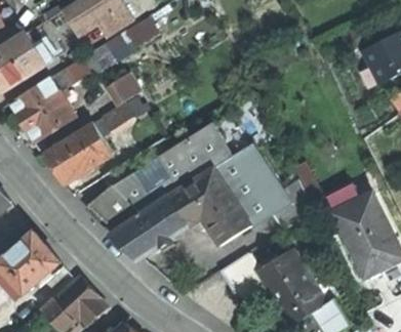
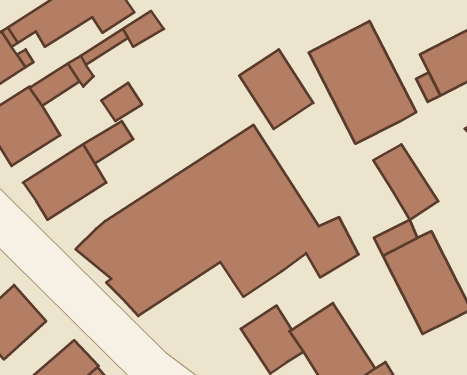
building: none -> [309,21,416,144]
building: none -> [239,49,313,129]
building: none -> [373,144,438,220]

